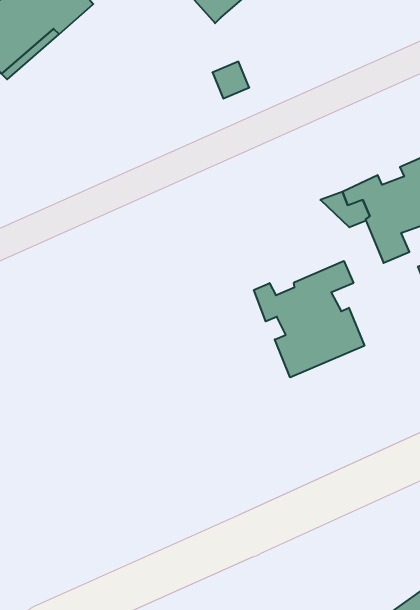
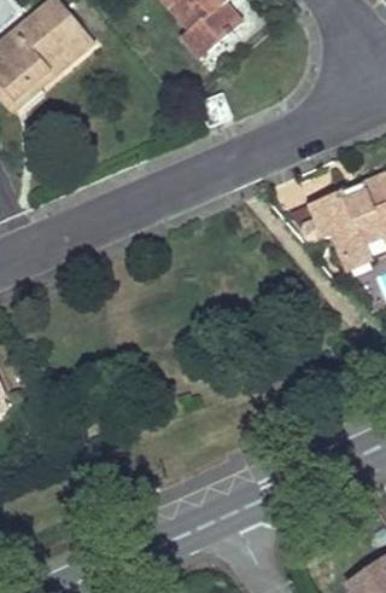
building: [254,261,364,377] -> none

